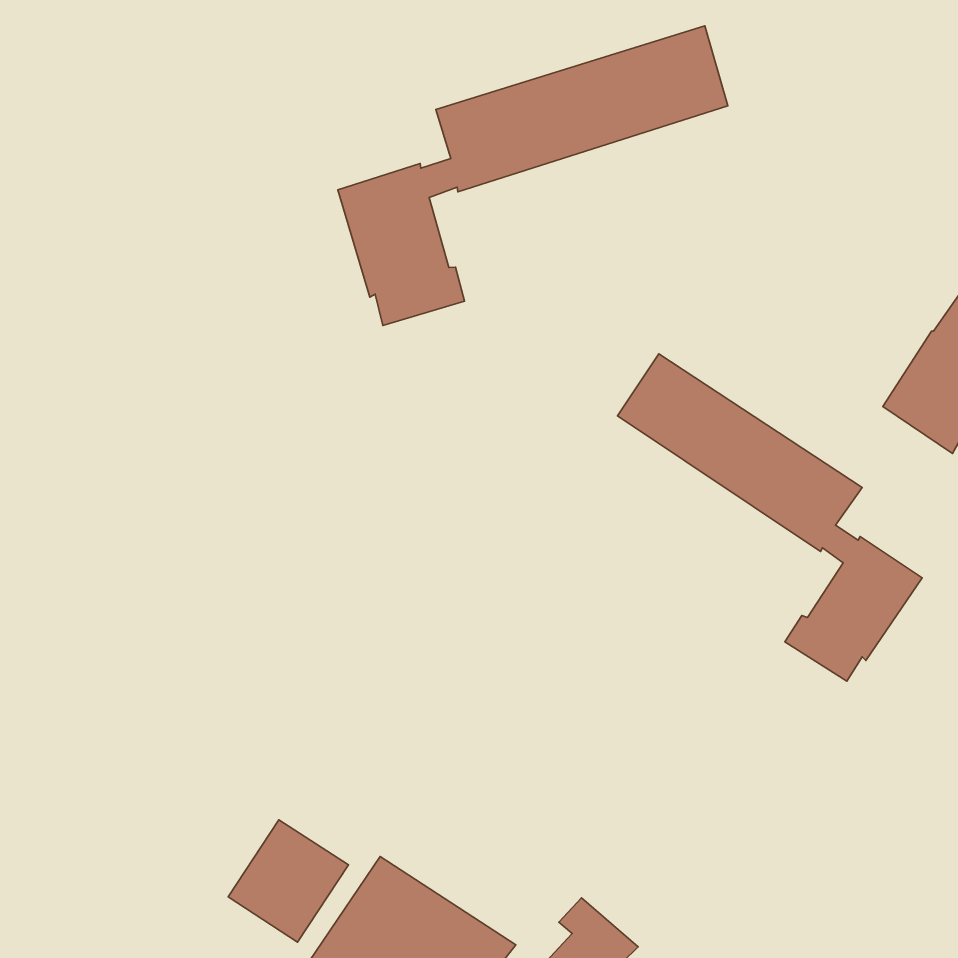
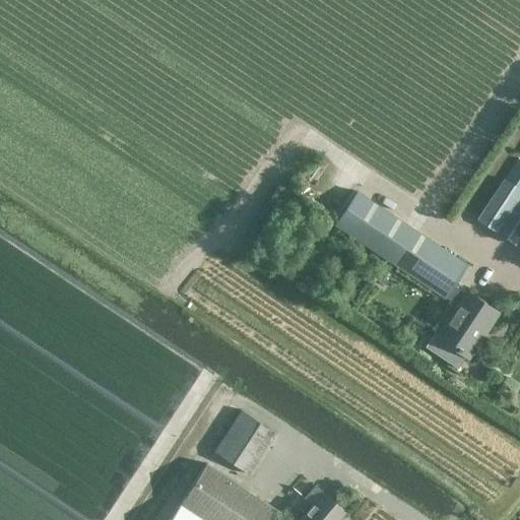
building: [338,26,728,325] -> none
building: [228,820,348,942] -> [214,411,279,477]

